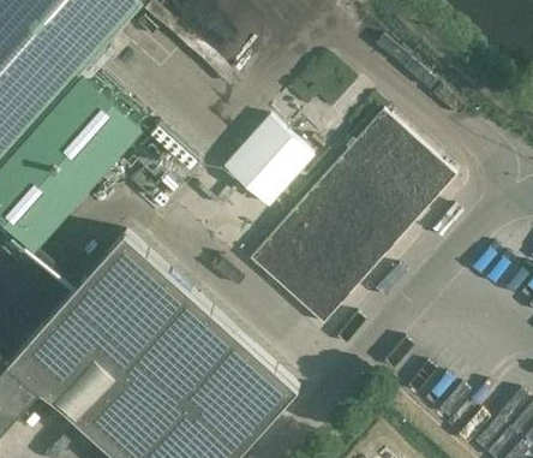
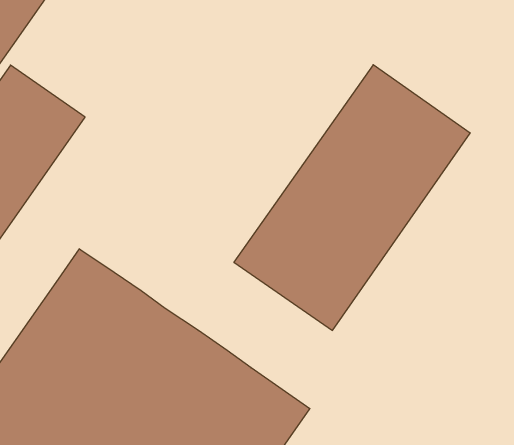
building: [222,117,312,207] -> none

